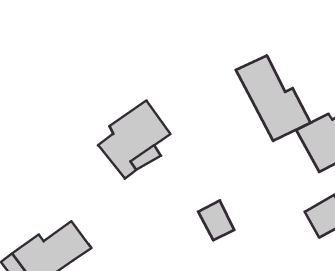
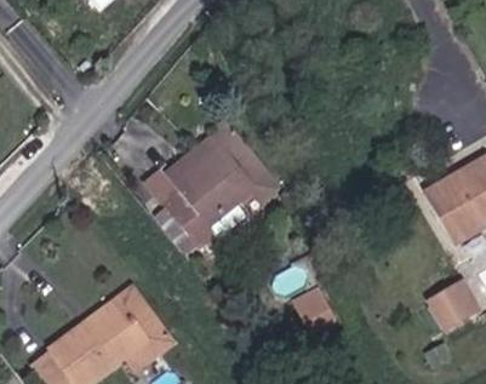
building: [236,55,310,141] -> none
building: none -> [133,125,265,208]
building: none -> [84,286,170,363]

